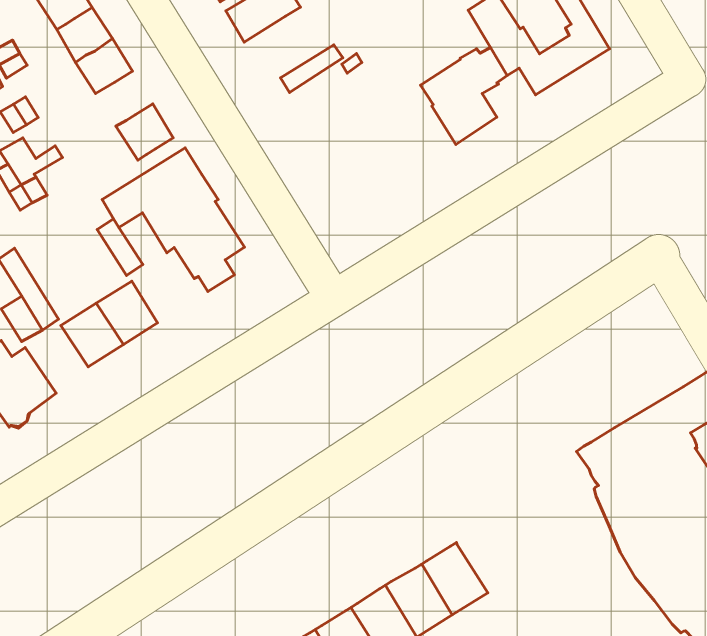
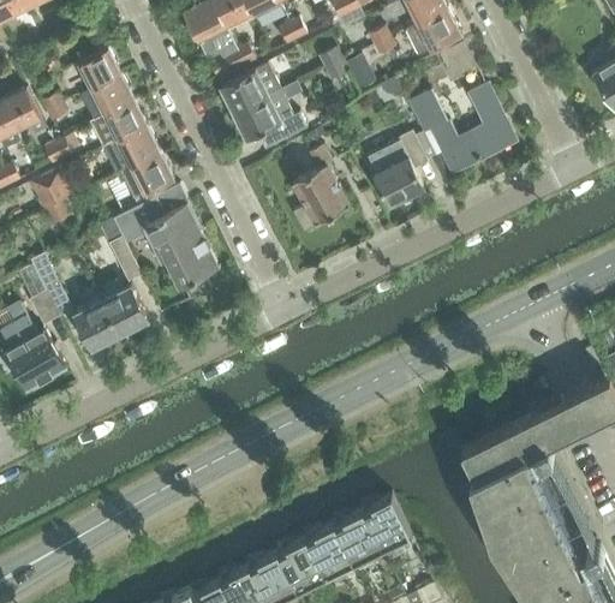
building: none -> [233,88,292,138]
building: none -> [100,125,159,173]
building: none -> [292,144,348,231]
building: none -> [360,495,410,550]

